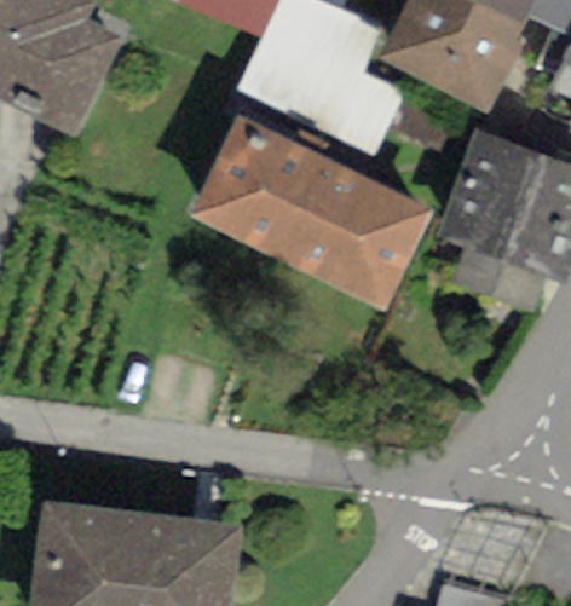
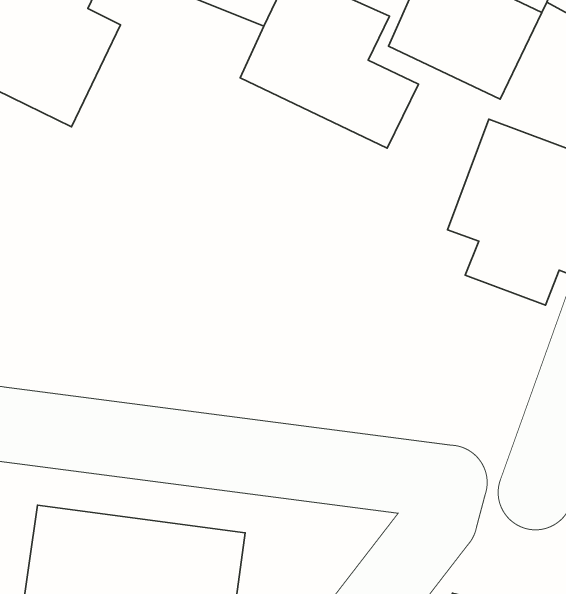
building: [189,115,433,310] -> none

